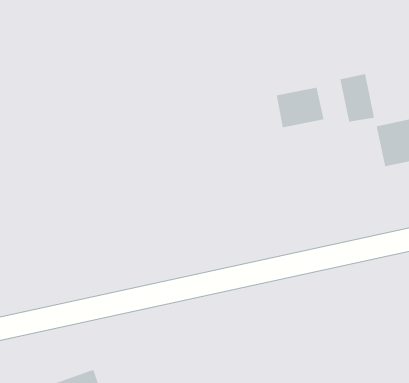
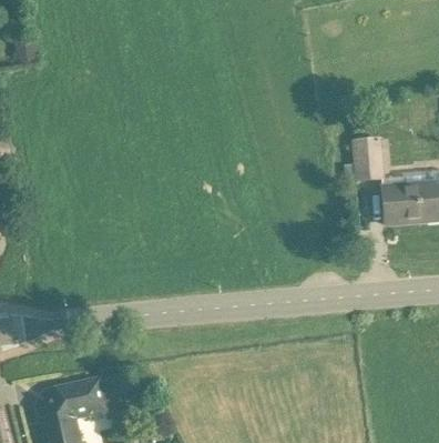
building: [276,87,324,128] -> none

